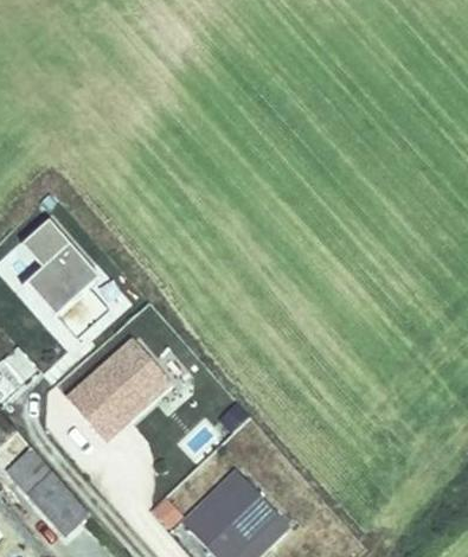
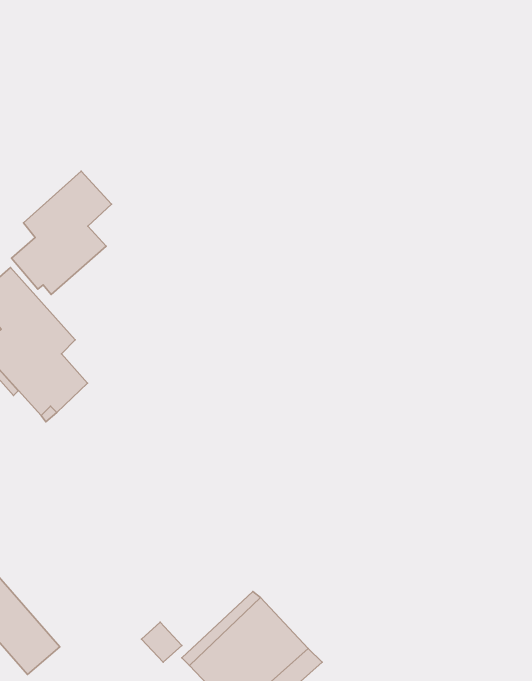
building: none -> [12,171,111,294]
building: [66,338,171,440] -> none

